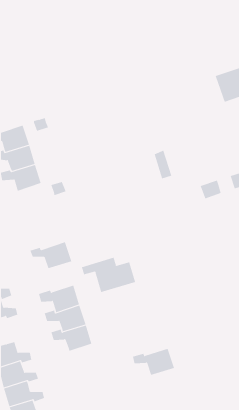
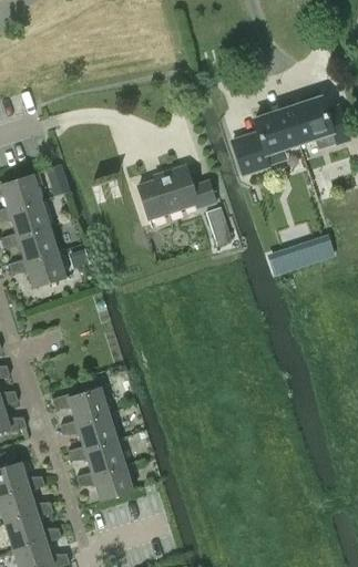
building: none -> [232,109,299,175]
building: none -> [137,166,215,219]
building: [30,241,72,269] -> [9,251,65,288]
building: [81,257,136,293] -> none
building: [132,348,175,376] -> [76,465,133,502]

